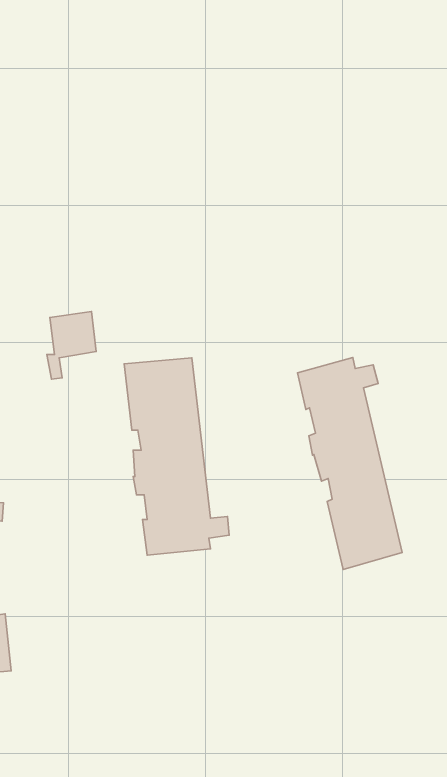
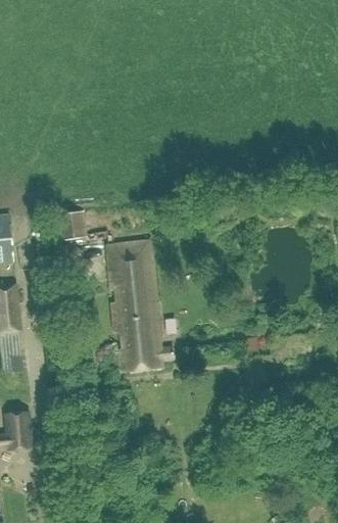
building: [298,357,402,569] -> none

